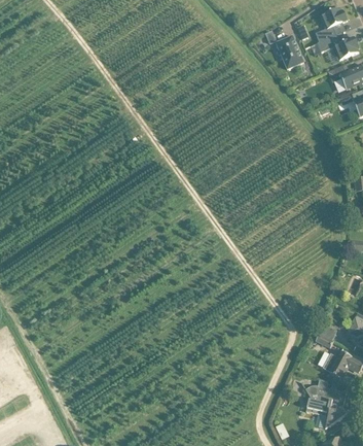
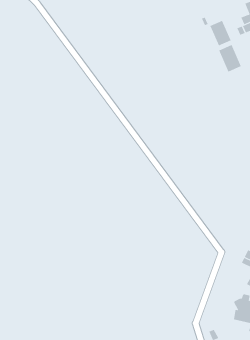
building: none -> [218,44,242,72]

